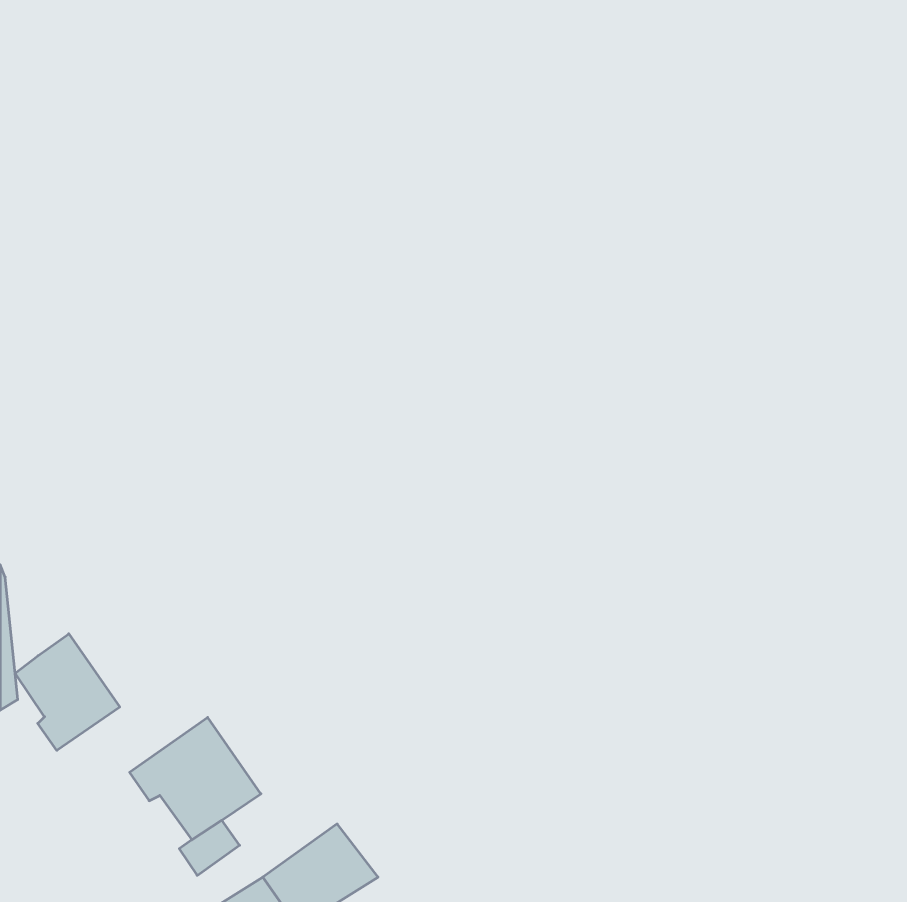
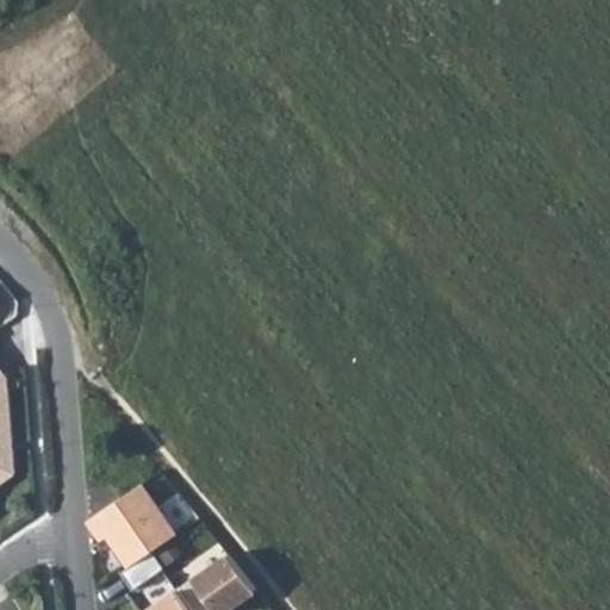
building: [15,634,120,750] -> none

